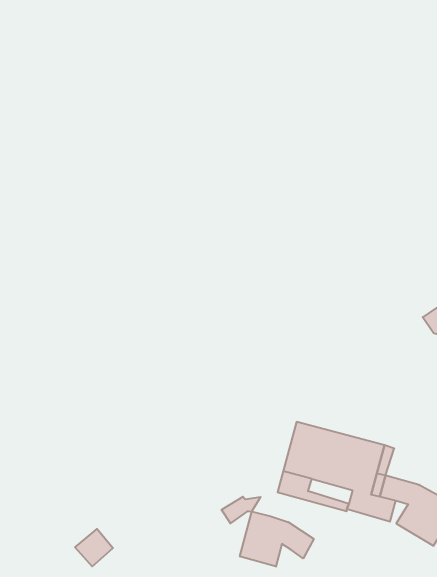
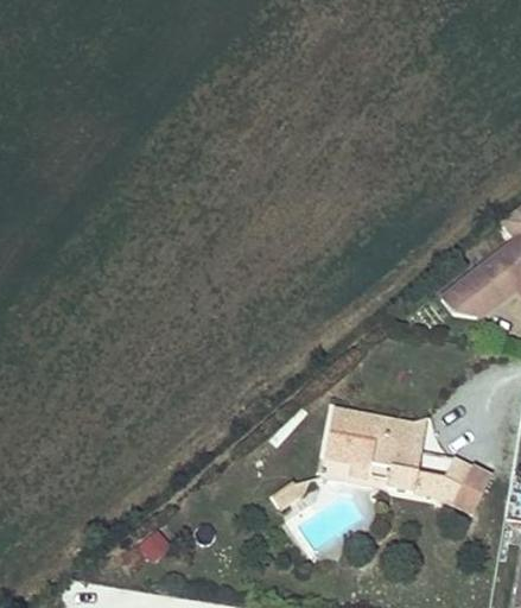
building: [240,511,314,567] -> none

